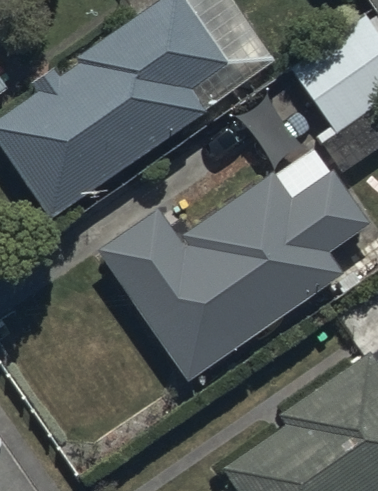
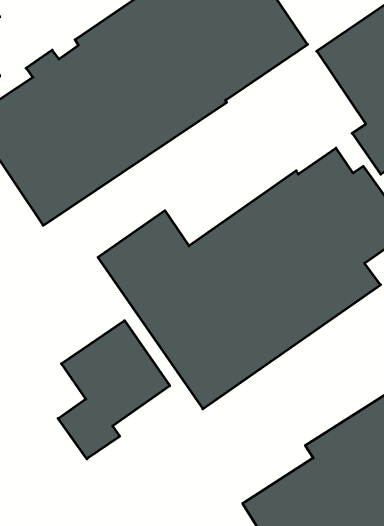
building: none -> [58,321,170,459]

